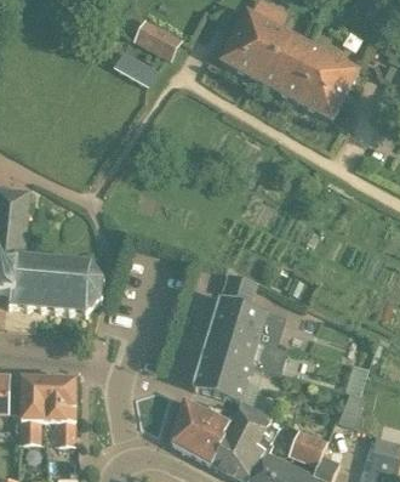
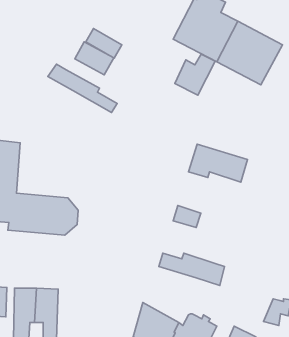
building: [132,18,182,61] -> [75,42,114,75]
building: none -> [175,54,215,95]
building: none -> [48,64,117,113]
building: [208,299,284,347] -> [189,144,248,182]
building: [193,351,251,401] -> none

